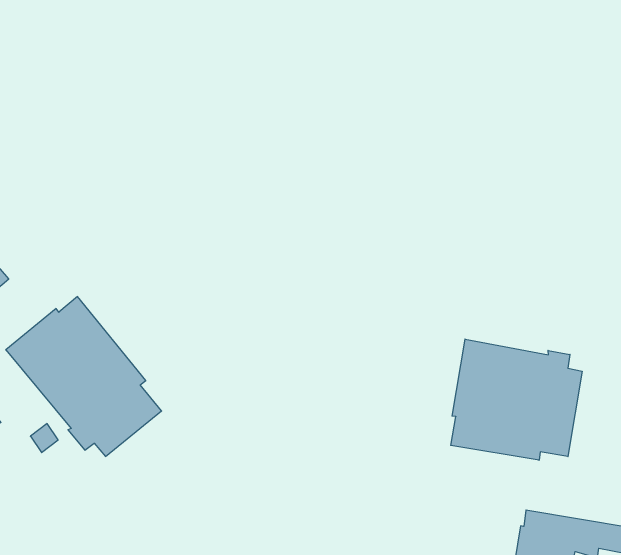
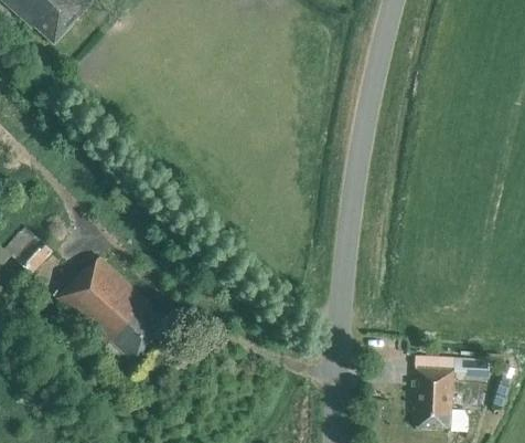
building: [451,339,582,460] -> none

